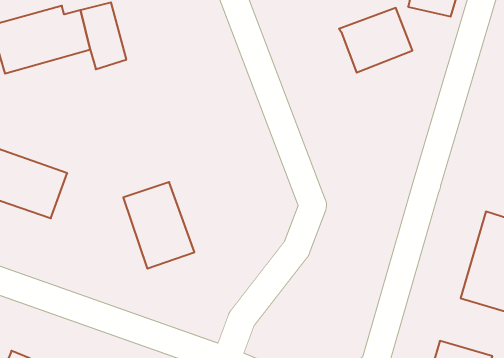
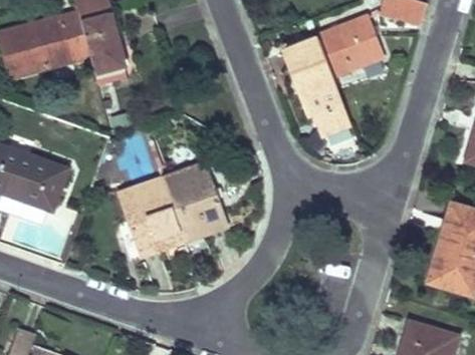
building: none -> [285,39,351,134]
building: none -> [162,161,227,241]

